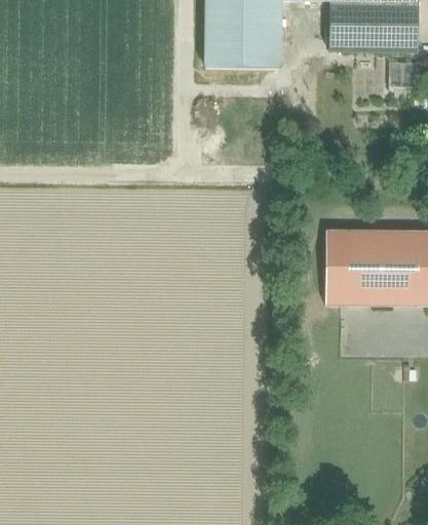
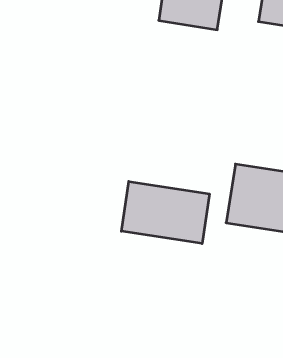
building: none -> [121,181,209,244]

